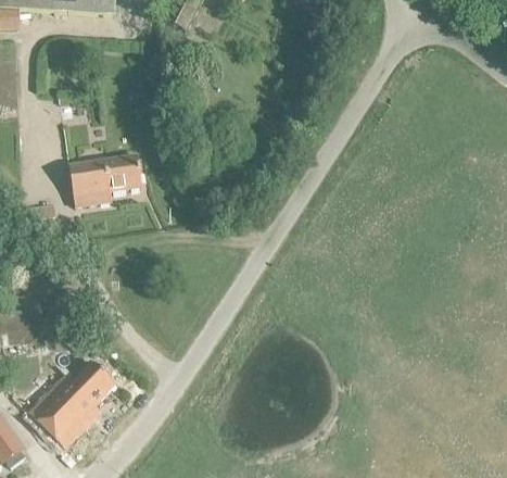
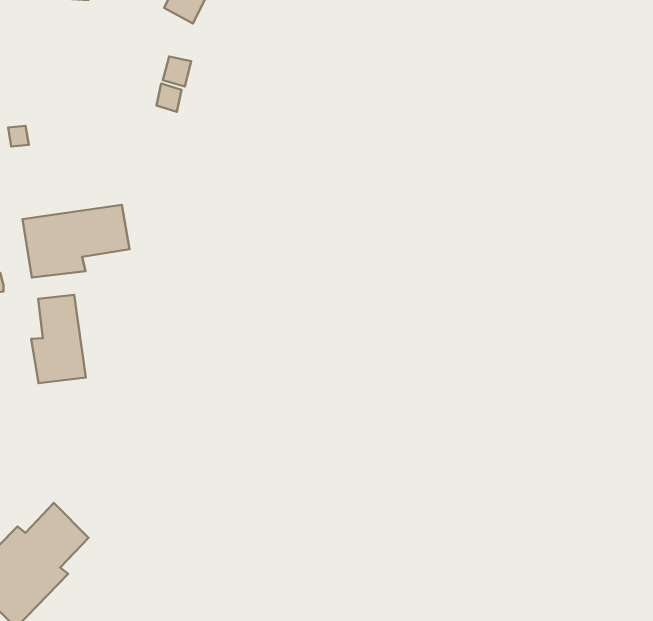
building: none -> [31,295,86,383]

